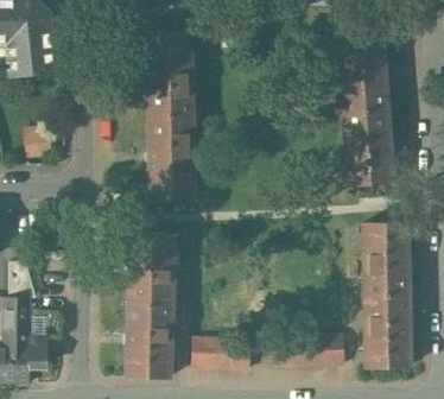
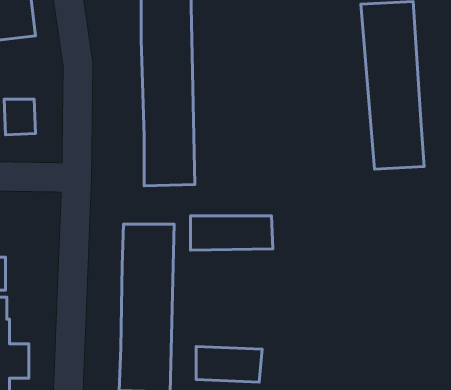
building: [362,223,408,367] -> none
building: [273,336,344,366] -> [191,216,273,250]

